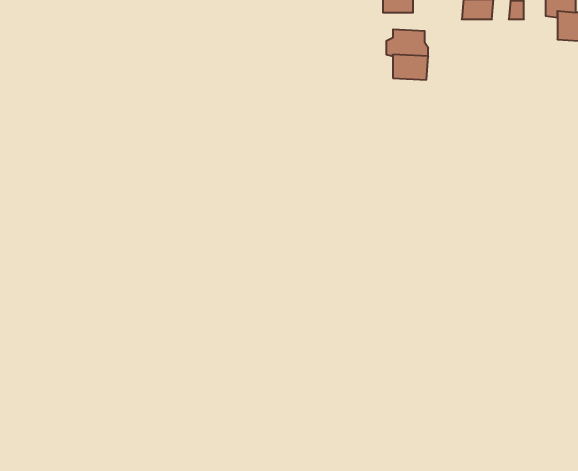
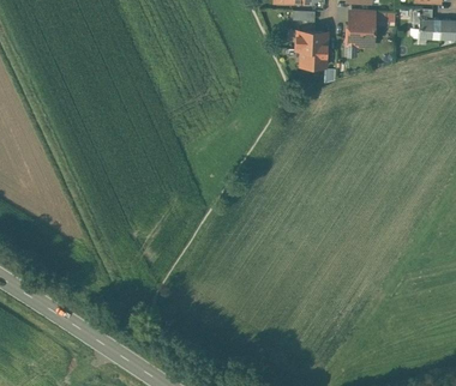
building: none -> [346,24,373,47]

